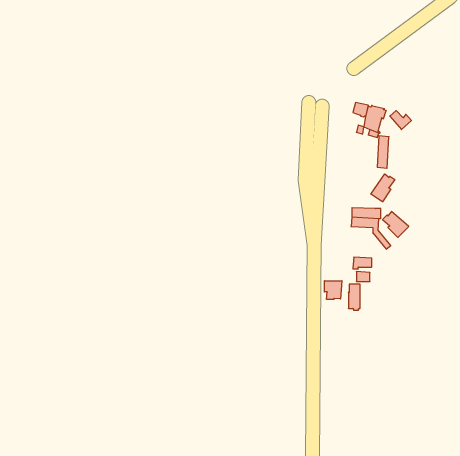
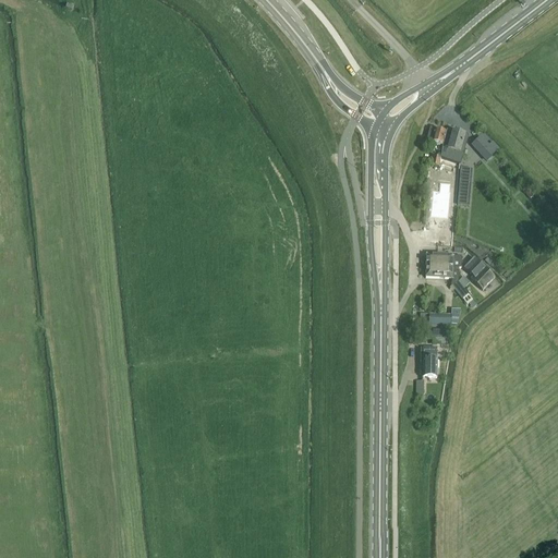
building: [371,174,395,202] -> none
building: [324,281,342,299] -> none

